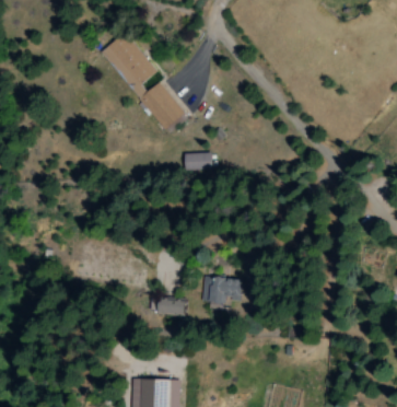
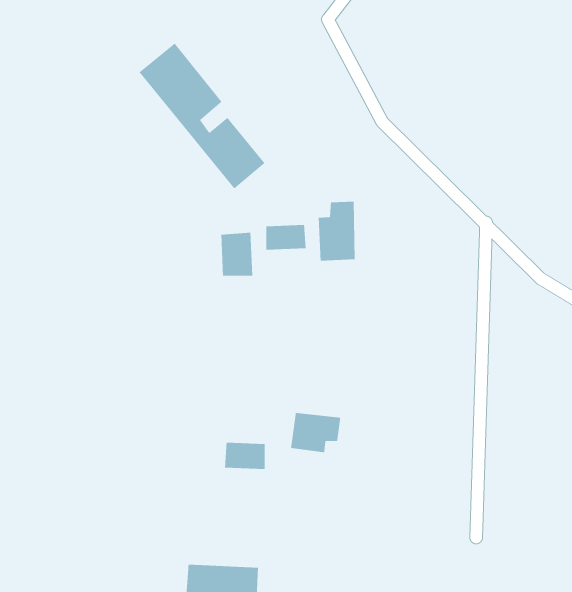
building: none -> [318,201,356,261]
building: none -> [220,232,253,277]

